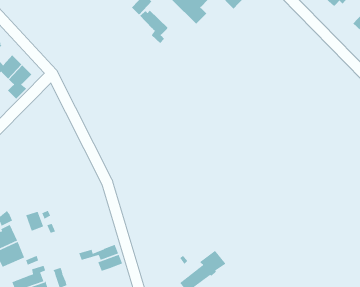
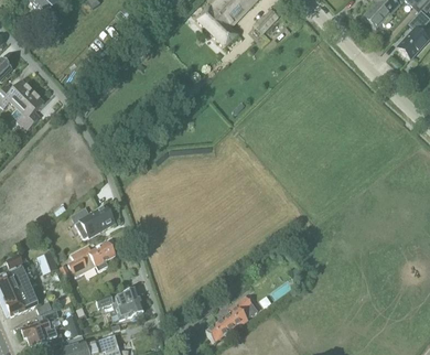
building: [139,10,168,44] -> none
building: none -> [75,204,115,238]
building: none -> [68,240,115,276]

